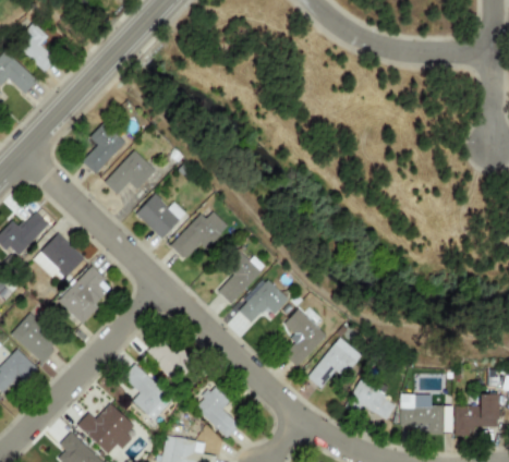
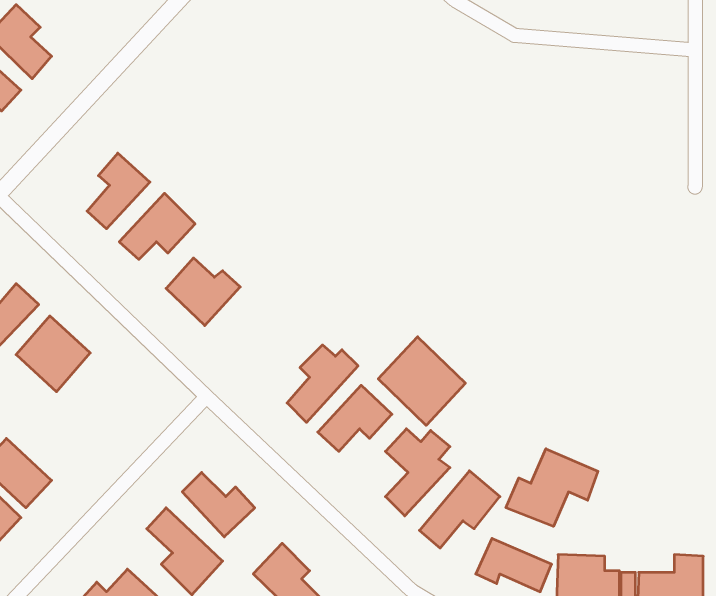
building: [169,210,226,264] -> none
building: none -> [378,337,465,425]
building: [58,266,113,323] -> none
building: none -> [506,449,598,526]

